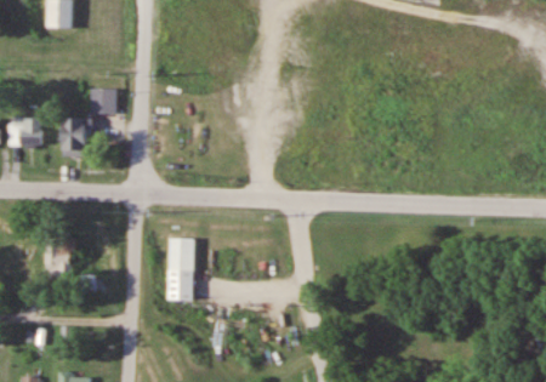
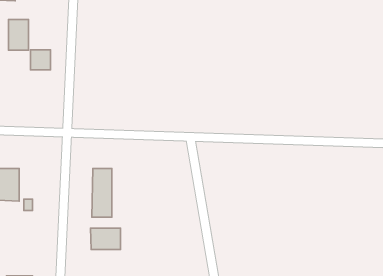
building: [61,119,86,158] -> [8,20,28,50]
building: none -> [90,228,121,250]

